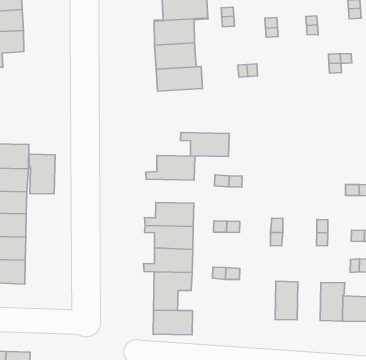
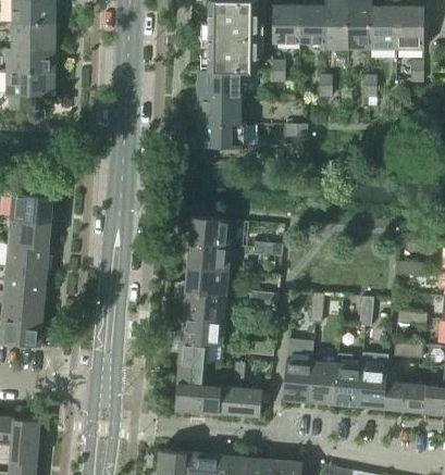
building: [181,133,229,157] -> [177,241,231,271]
building: [29,154,55,194] -> none
building: none -> [283,339,313,402]
building: none -> [333,354,362,407]
building: none -> [218,362,262,417]

